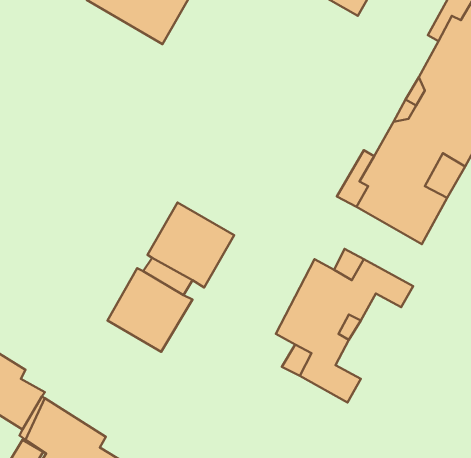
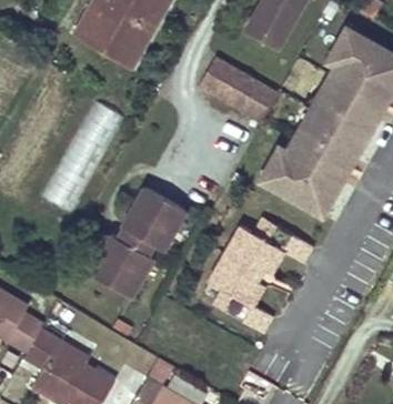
building: none -> [198,57,279,121]
building: none -> [43,99,120,212]

